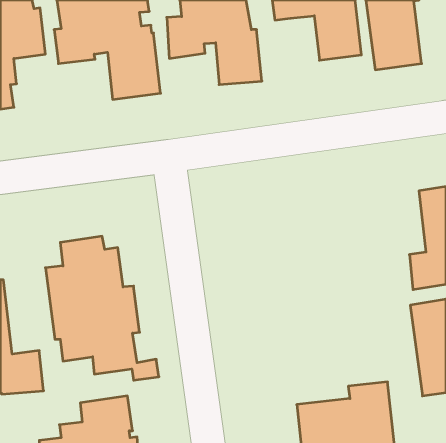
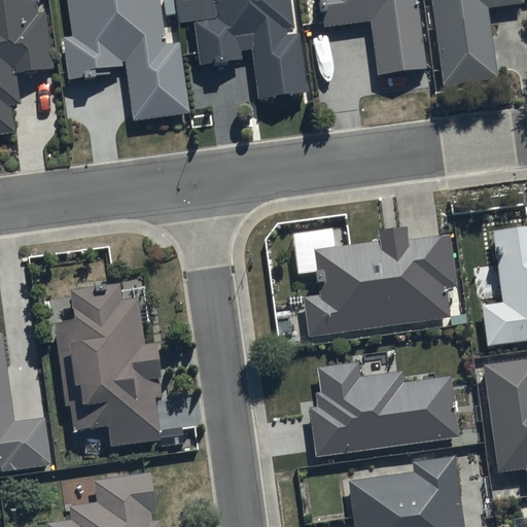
building: none -> [304,223,458,336]
building: none -> [309,361,460,455]

